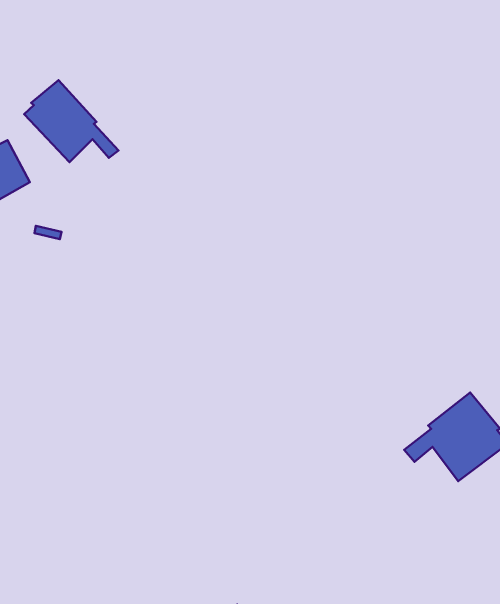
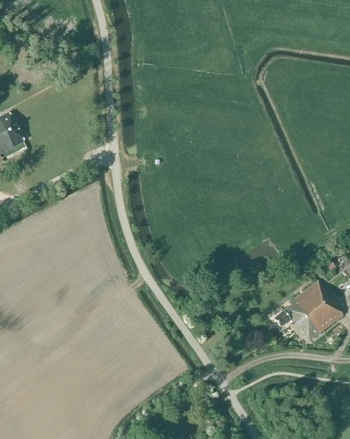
building: [24,80,118,162] -> none

